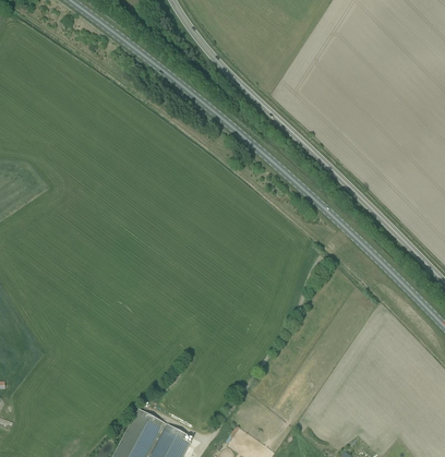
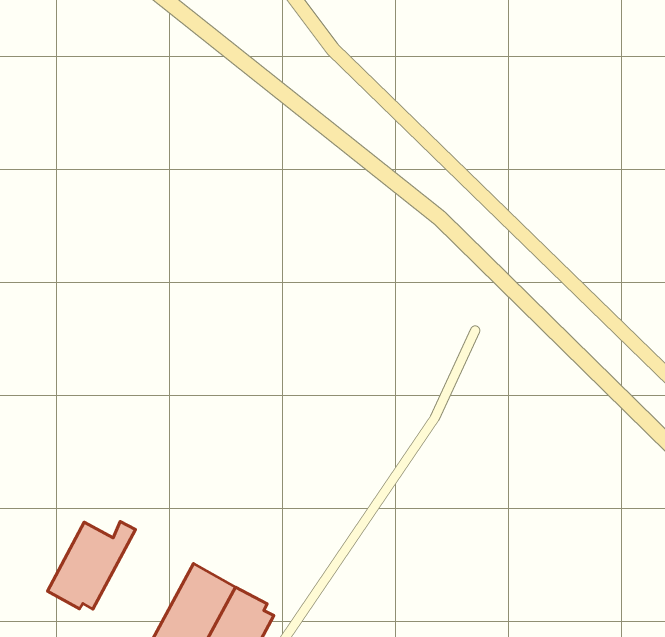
building: none -> [47,521,136,609]

